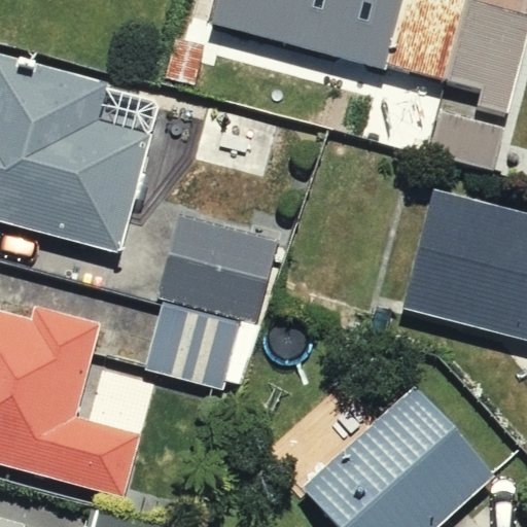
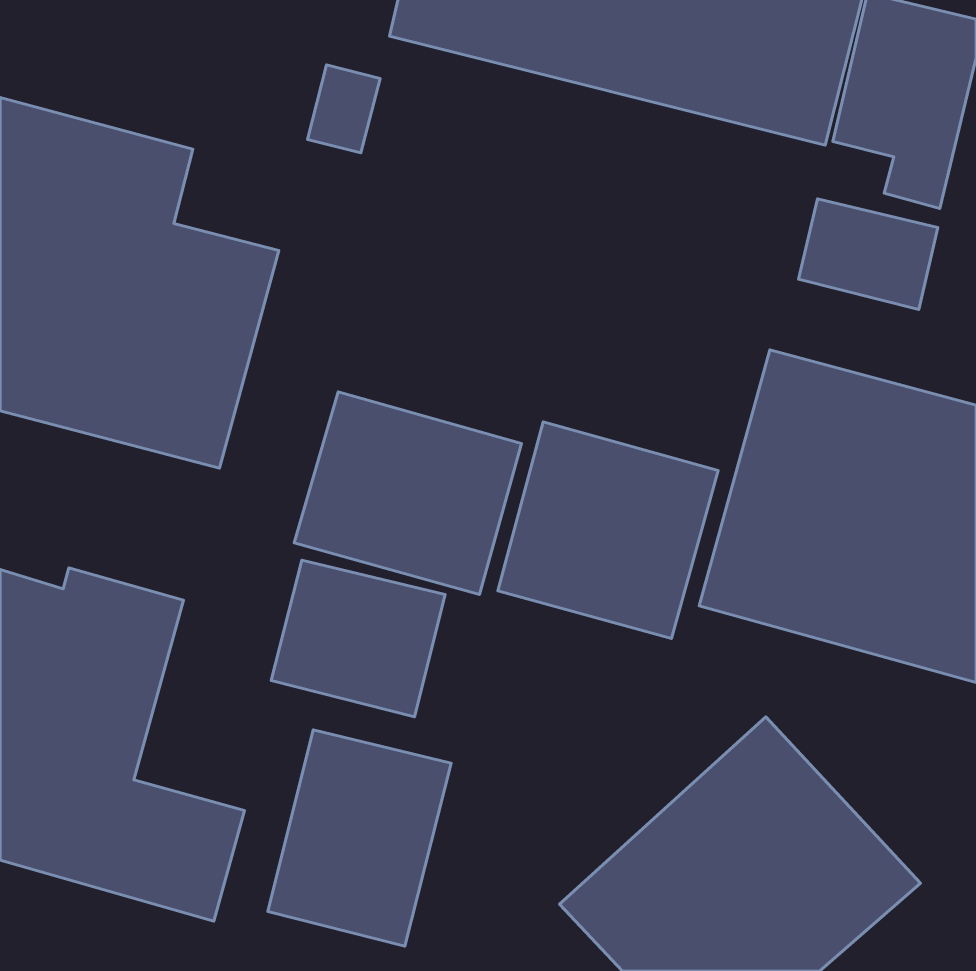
building: none -> [498,422,718,639]
building: none -> [268,730,451,946]

